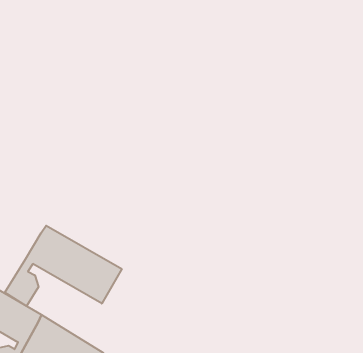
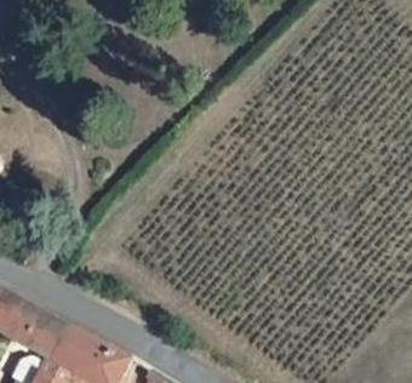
building: [5,226,122,306] -> none

